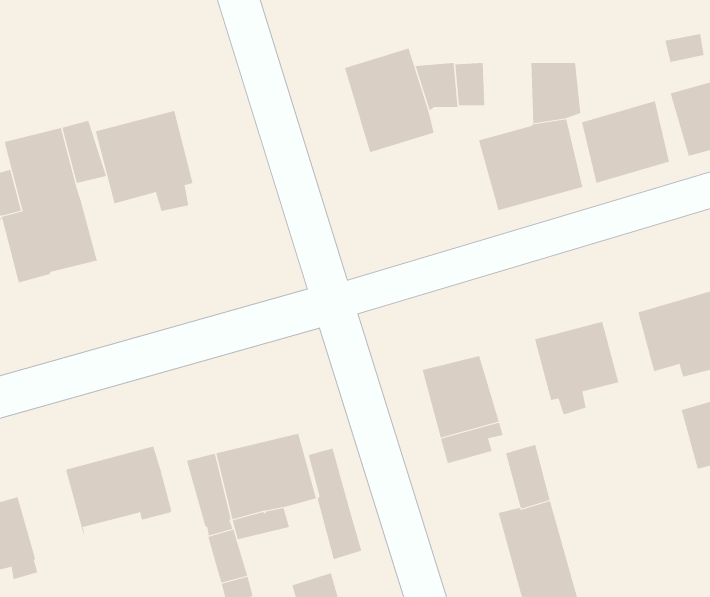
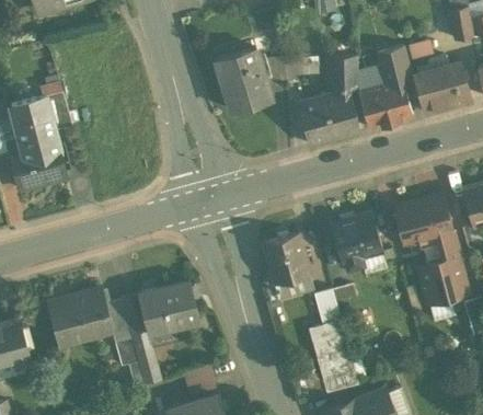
building: none -> [377,46,411,84]
building: [95,110,193,212] -> none
building: [308,448,362,560] -> [105,298,138,366]

